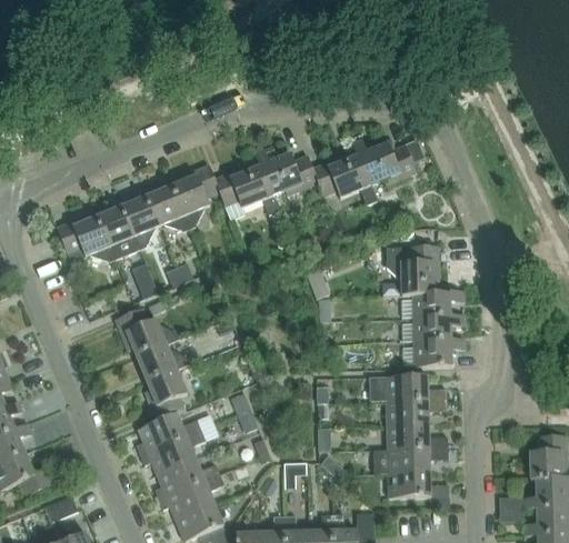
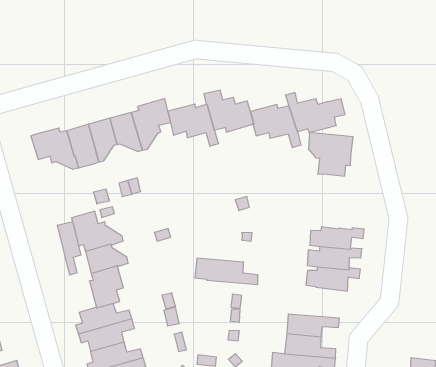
building: [386,247,439,295] -> [308,133,353,176]
building: none -> [57,222,81,275]
building: [371,375,447,402] -> [195,258,258,284]

